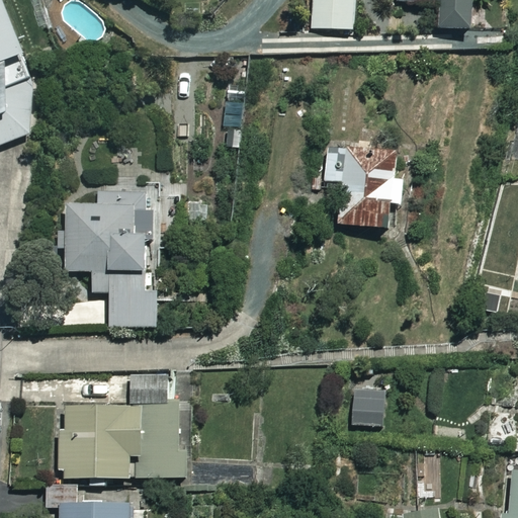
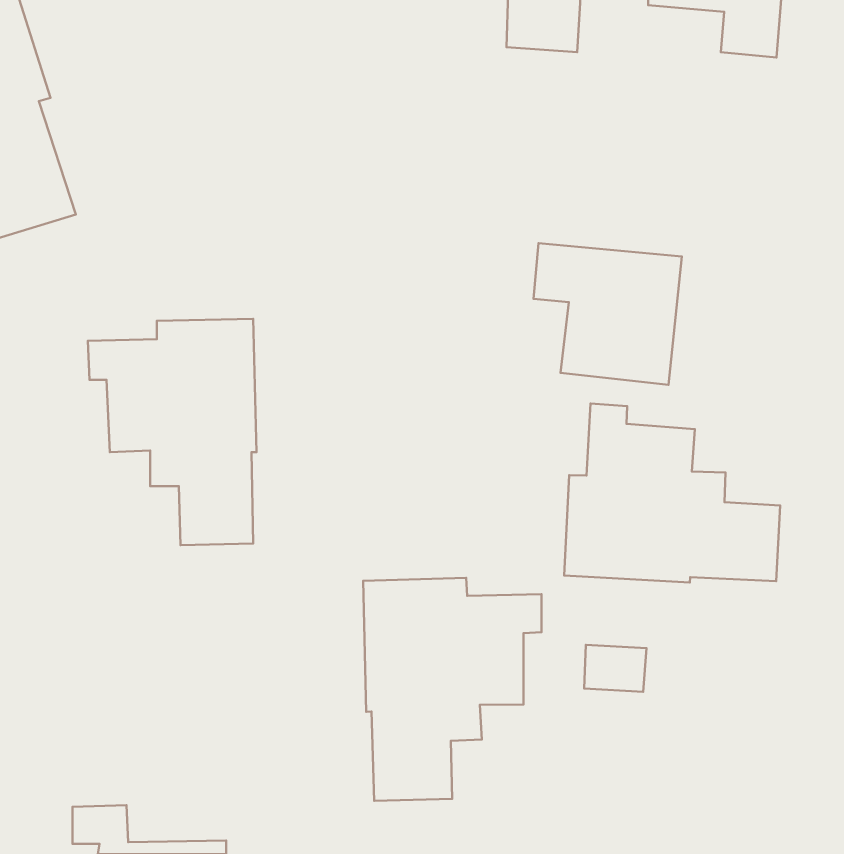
building: none -> [564,403,780,582]
building: none -> [363,578,541,801]
building: [55,375,188,479] -> none

